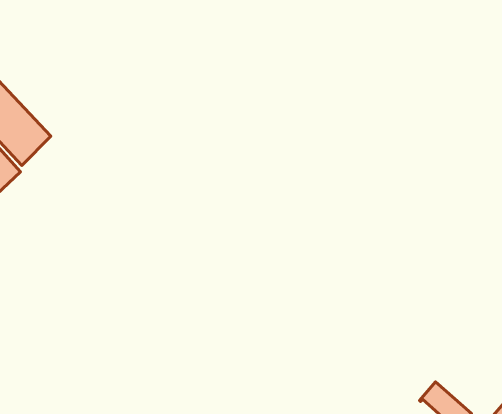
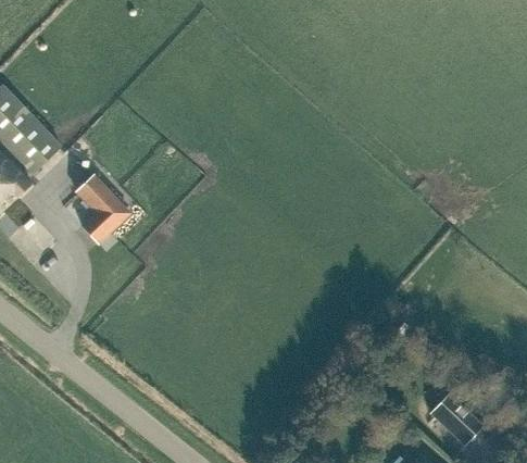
building: none -> [74,175,130,243]

